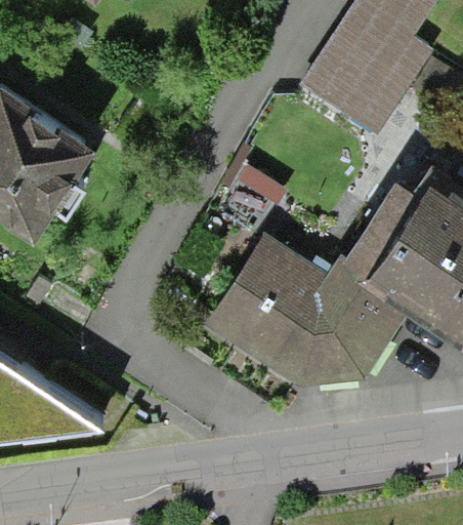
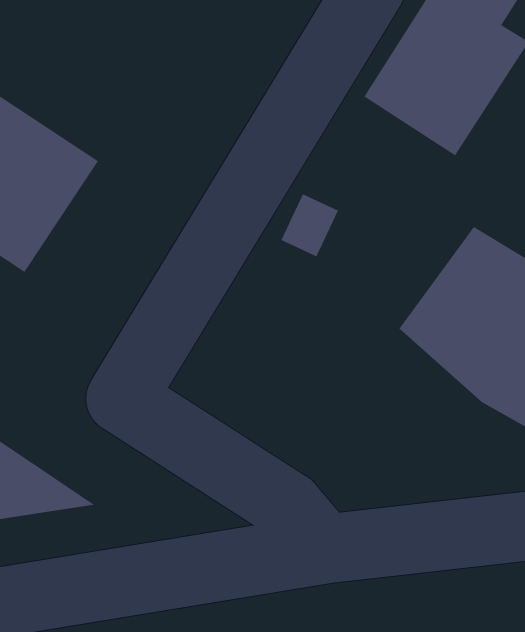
building: [210,235,397,388] -> none

